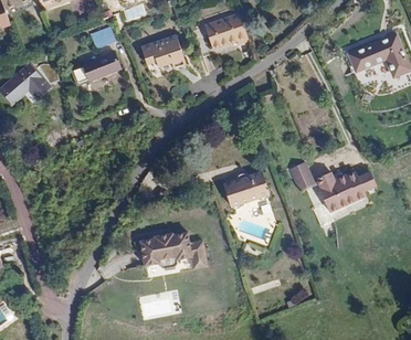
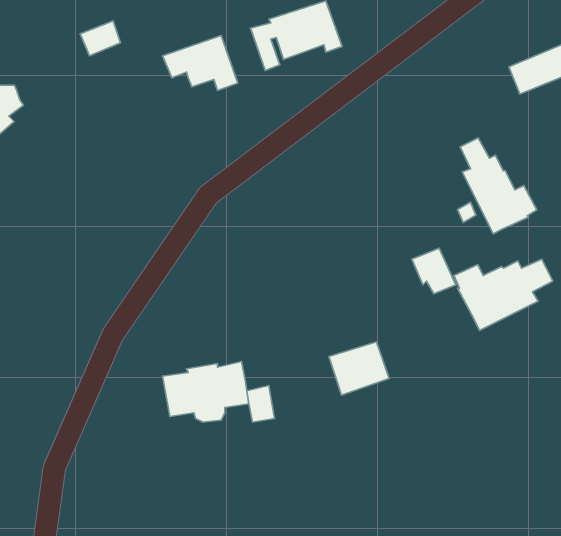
building: [81,51,120,81] -> none
building: none -> [460,138,537,234]
building: [231,168,267,200] -> [329,342,389,395]

